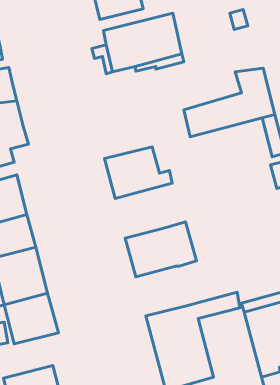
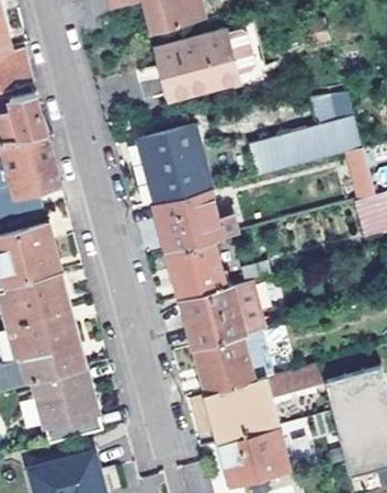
building: none -> [138,125,212,203]
building: none -> [167,239,226,300]
building: none -> [192,334,253,394]

